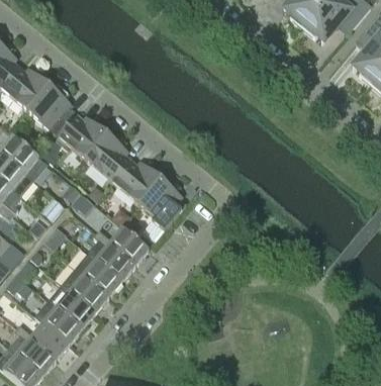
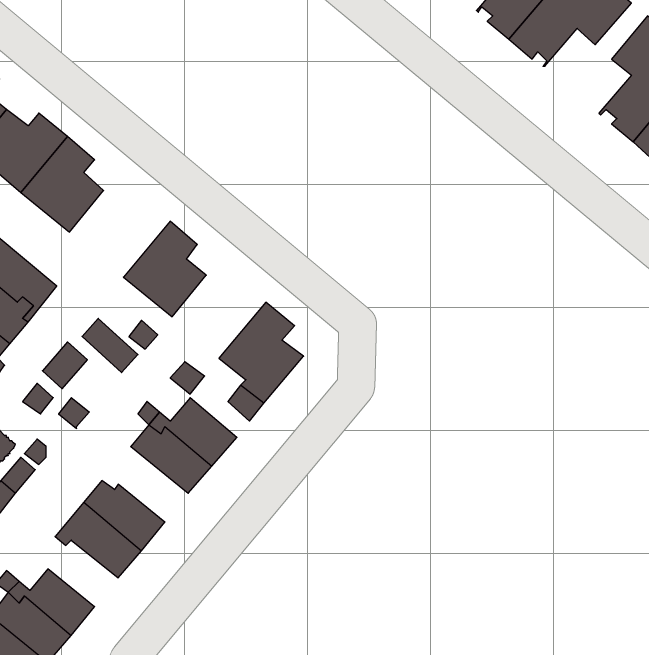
building: [55,113,111,160] -> none
building: [112,159,165,205] -> none
building: [73,255,121,297] -> none
building: [36,305,82,345] -> none

